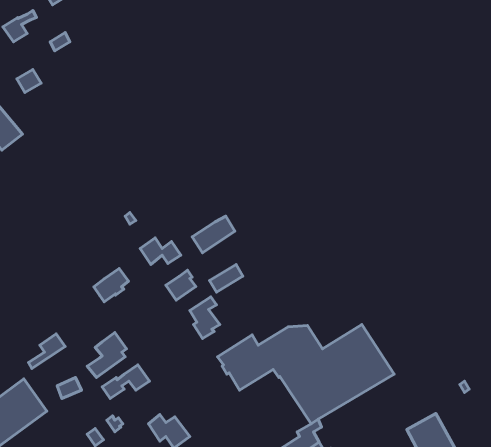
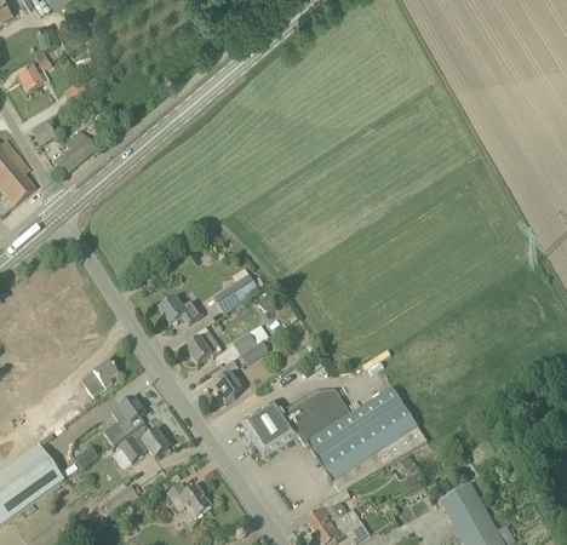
building: none -> [55,133,96,174]
building: [94,268,128,302] -> [81,360,118,395]

